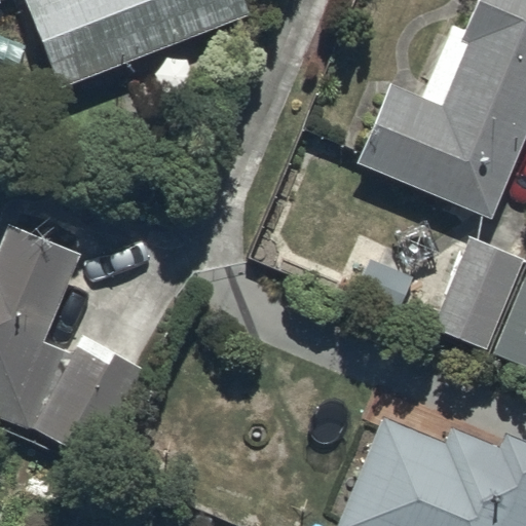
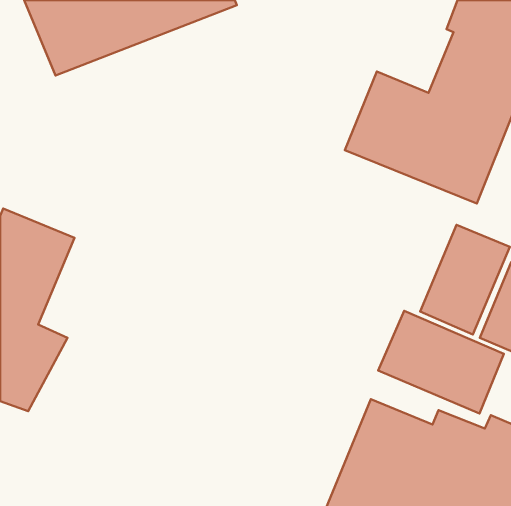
building: none -> [378,311,504,414]
building: [33,336,147,462] -> none

